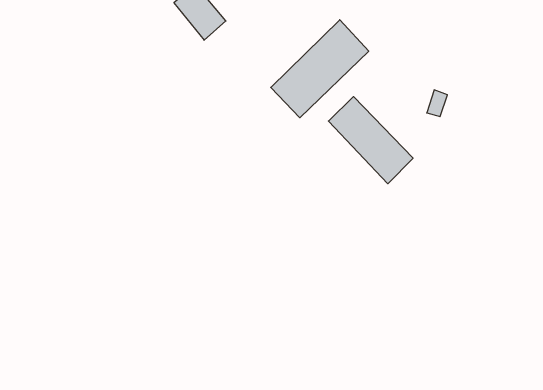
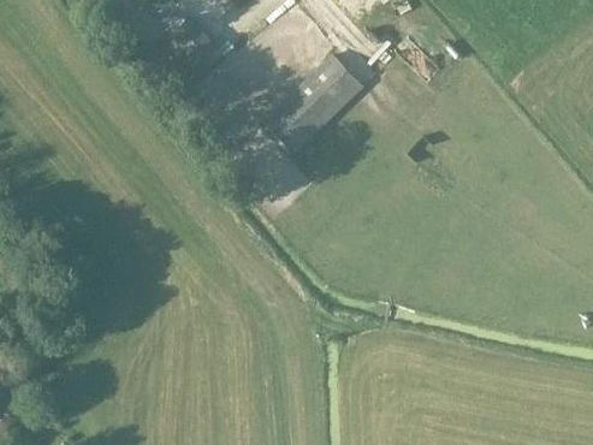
building: [328,97,413,184] -> none

